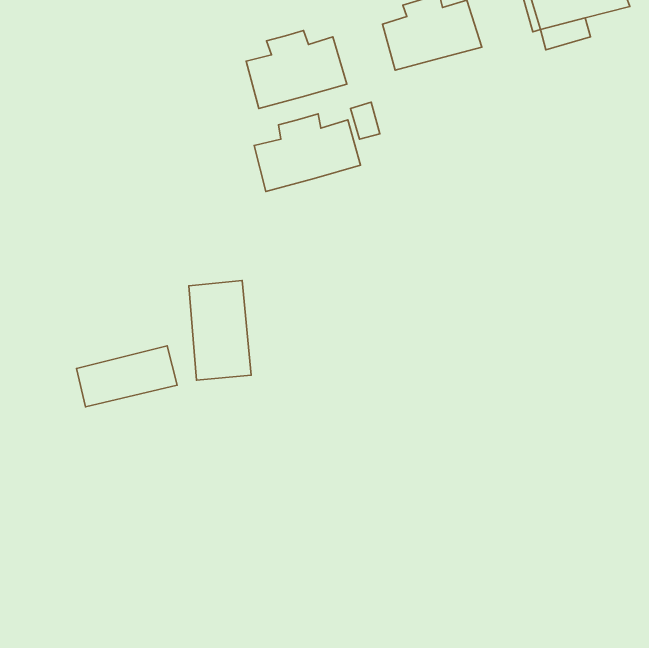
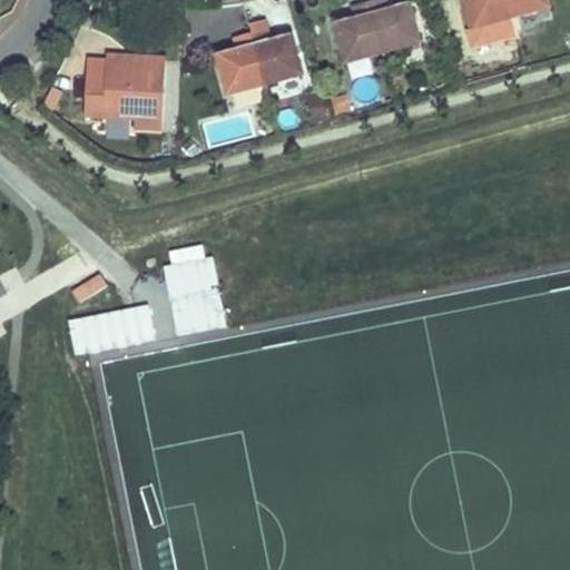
building: none -> [82,57,166,127]
building: [254,114,361,191] -> none

